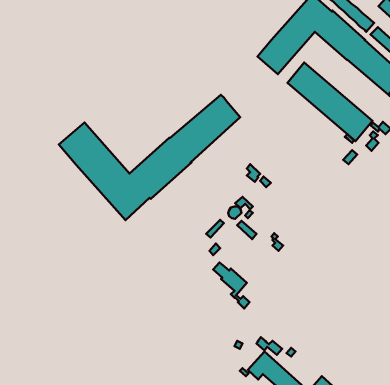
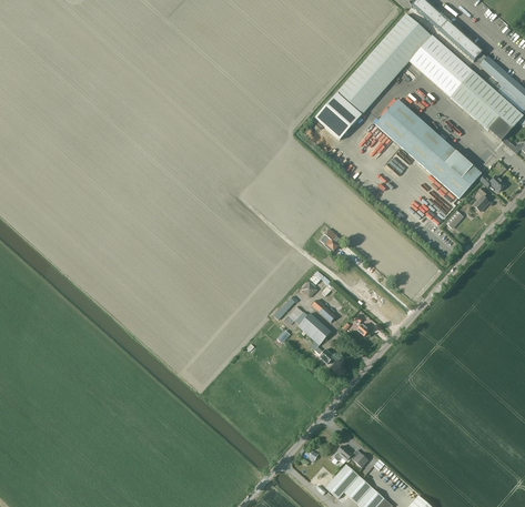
building: none -> [315,92,362,139]
building: [59,95,240,220] -> none
building: [213,262,249,308] -> [289,305,334,363]

